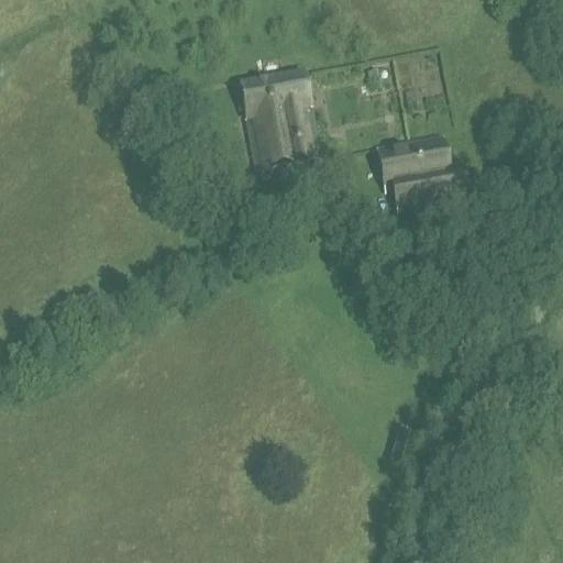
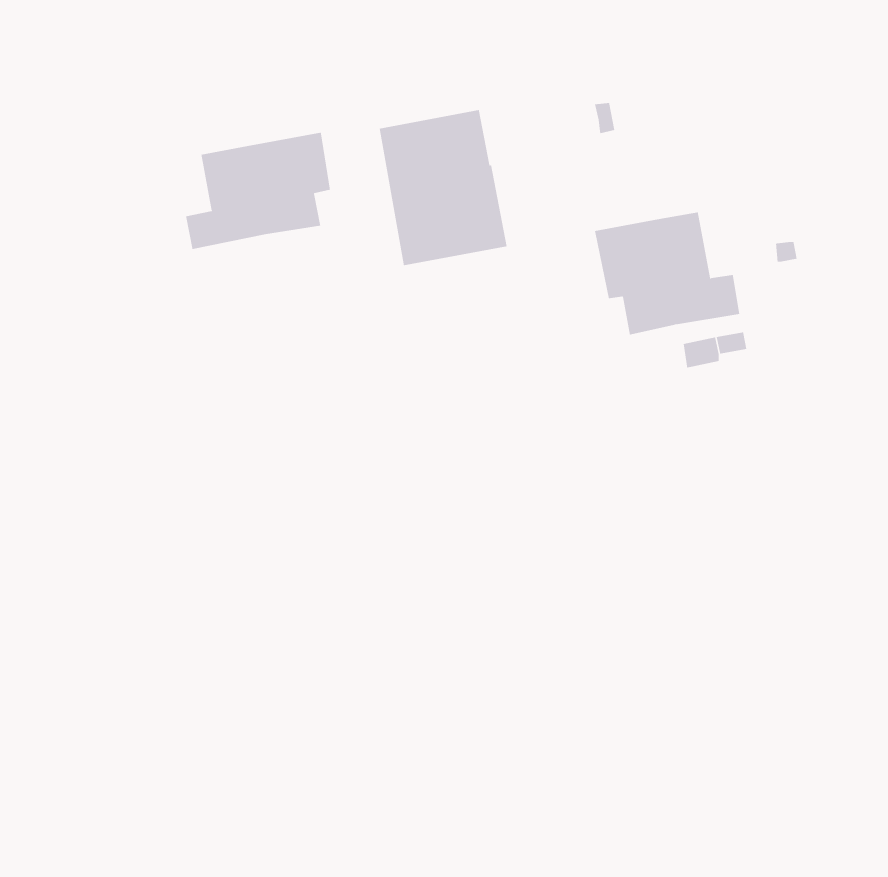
building: none -> [185,132,330,250]

